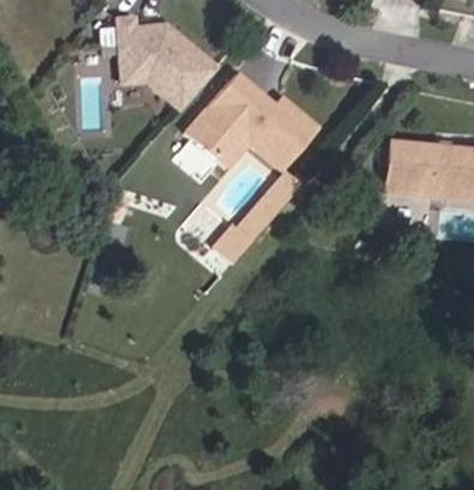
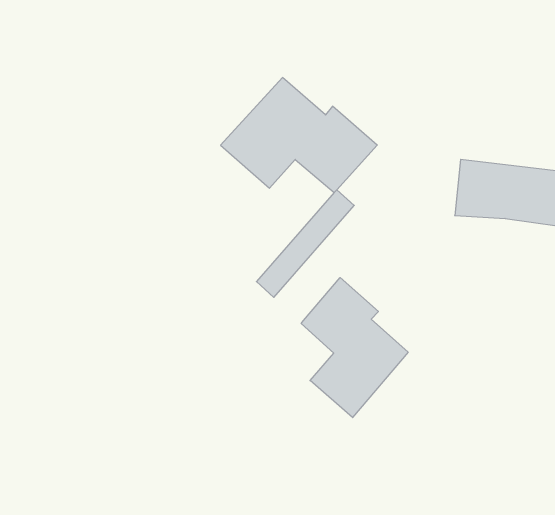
building: [122,16,220,109] -> none
building: none -> [301,278,408,418]

